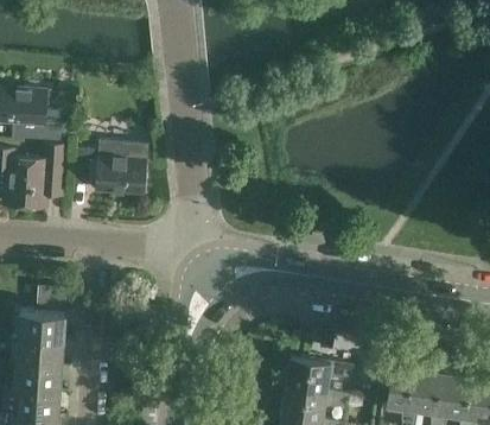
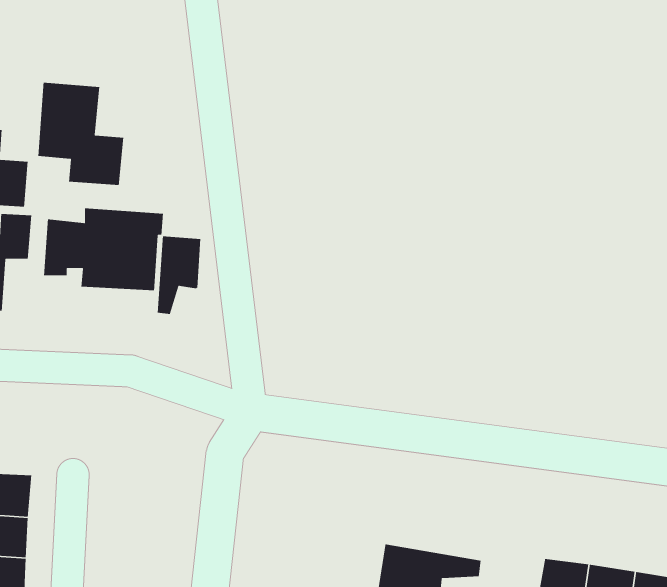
building: none -> [38,82,124,186]
building: none -> [157,235,201,315]

